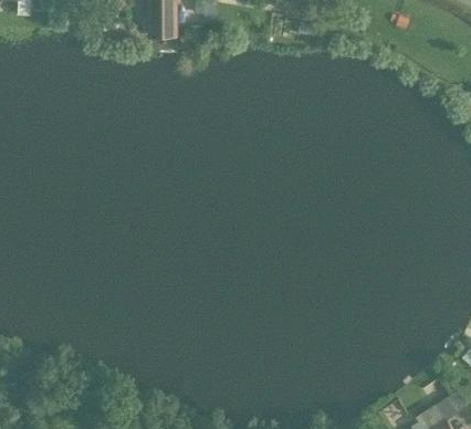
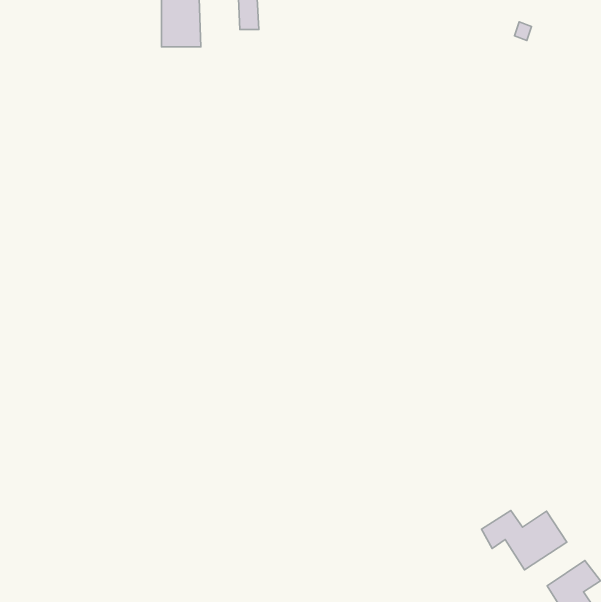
building: none -> [481,510,567,570]

